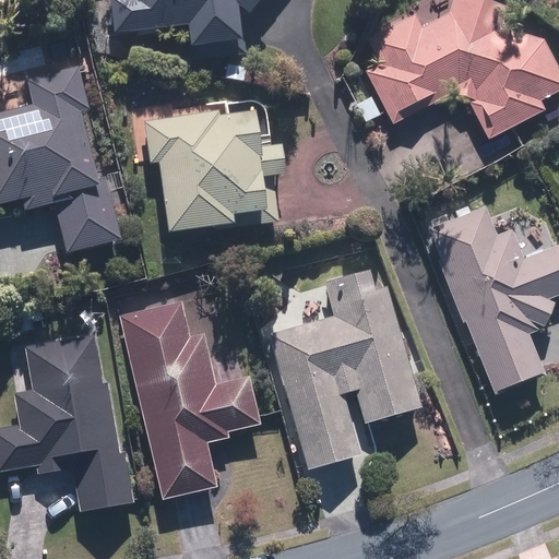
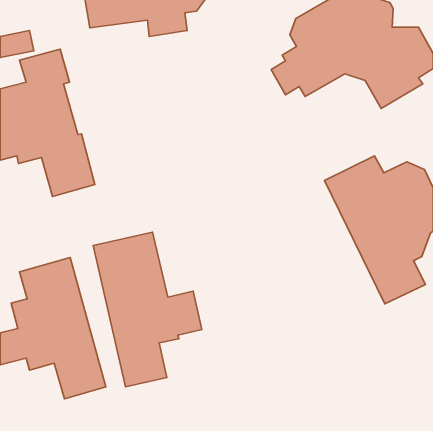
building: [143,105,286,231] -> none
building: [265,266,425,469] -> none

